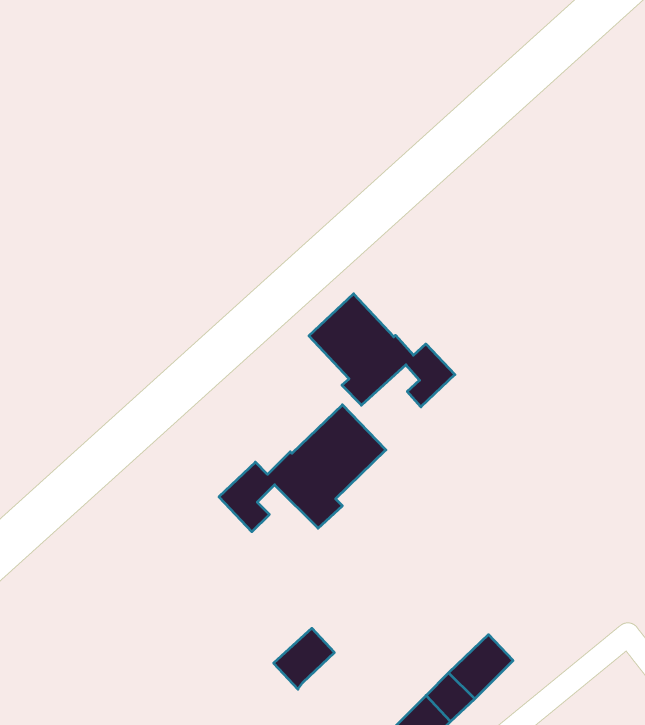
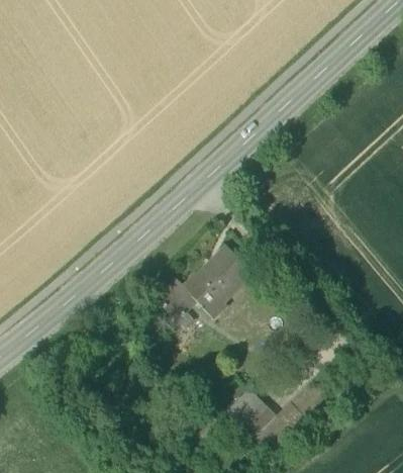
building: [309,294,455,407] -> none
building: [274,628,334,689] -> [227,387,263,422]

